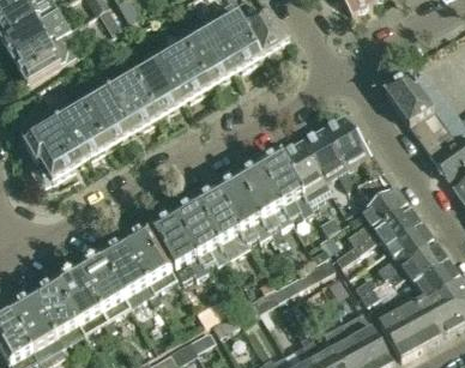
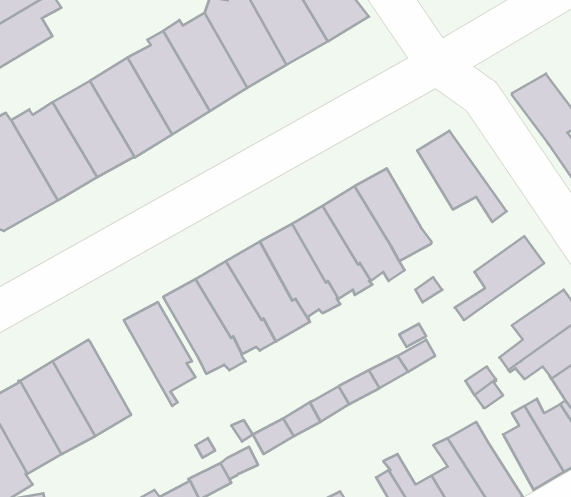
building: [302,129,355,191] -> none
building: [336,205,421,265] -> none
building: [103,243,158,307] -> none

